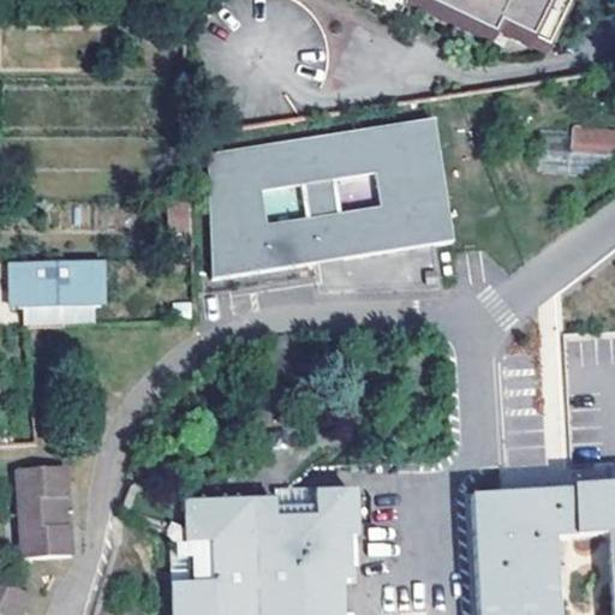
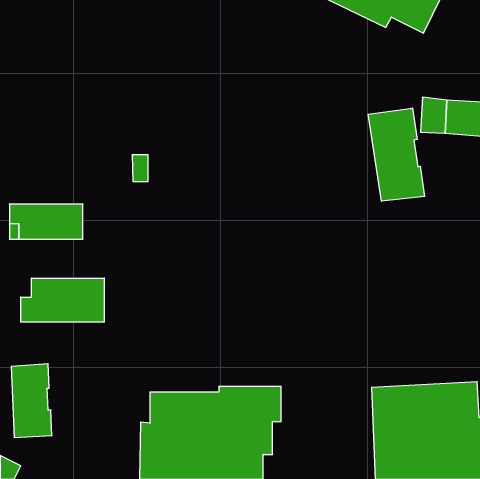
building: [196,118,453,275] -> none
building: none -> [368,108,425,201]
building: none -> [21,278,104,322]

